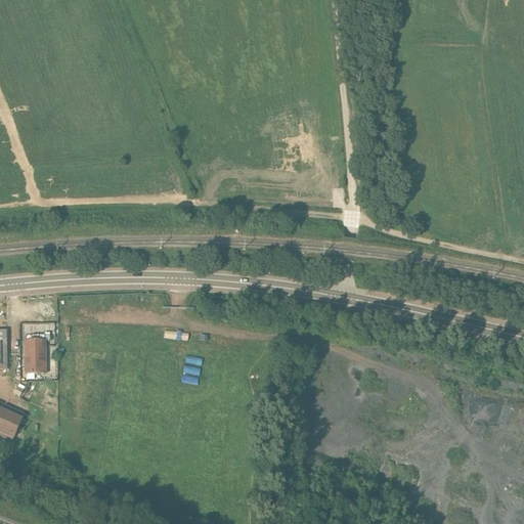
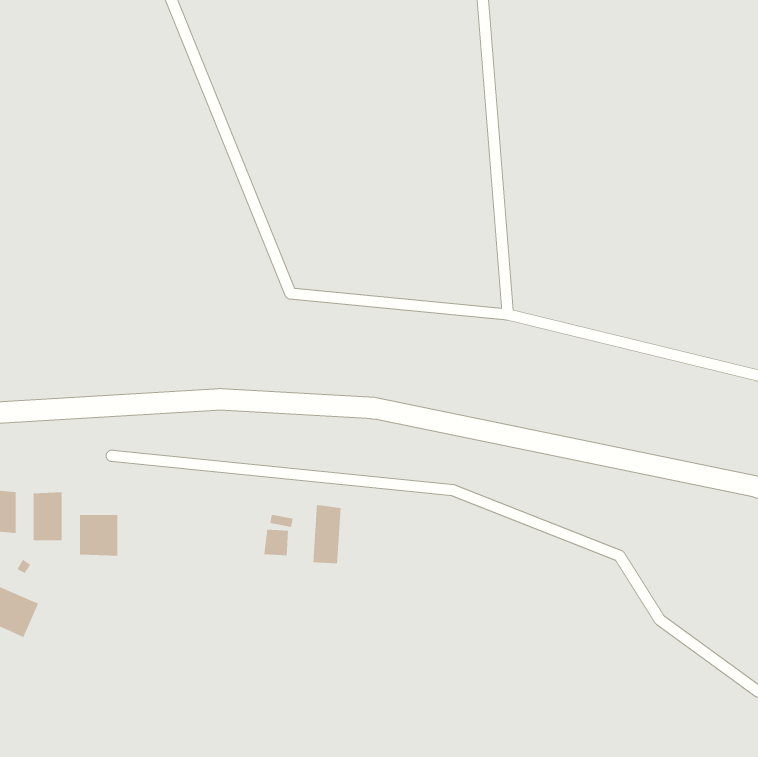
building: none -> [313,504,341,564]
building: none -> [79,514,118,556]

